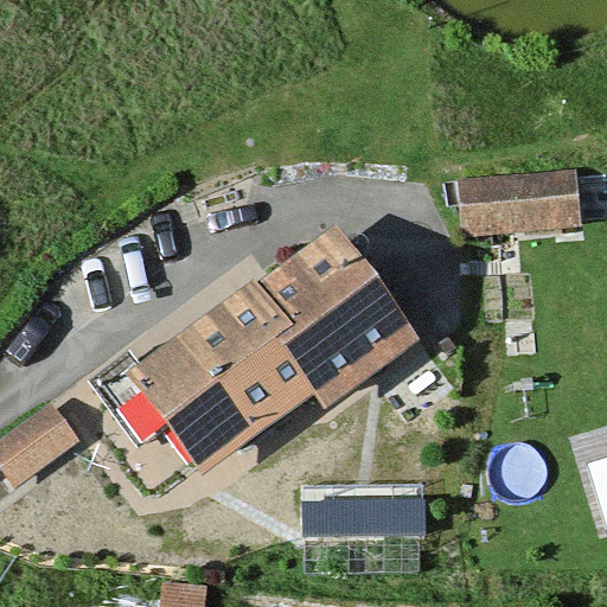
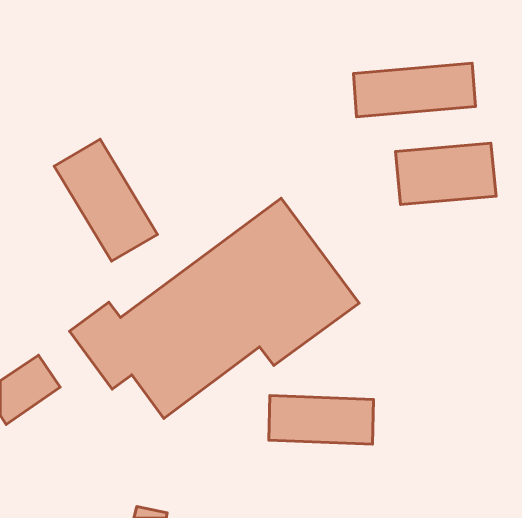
building: none -> [353,63,475,117]
building: none -> [54,139,158,261]

